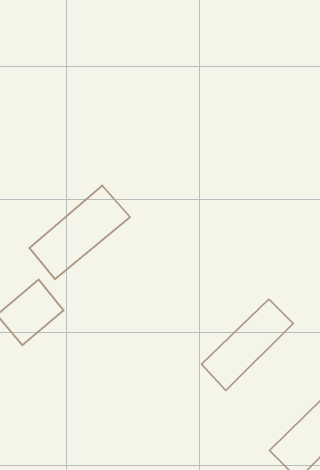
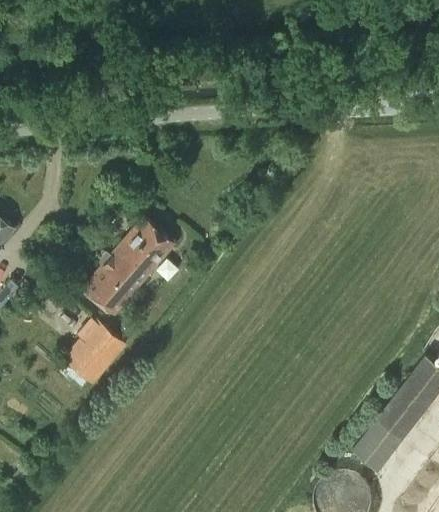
building: [202,299,293,390] -> none

